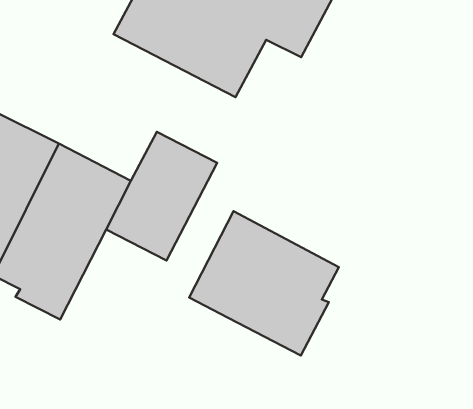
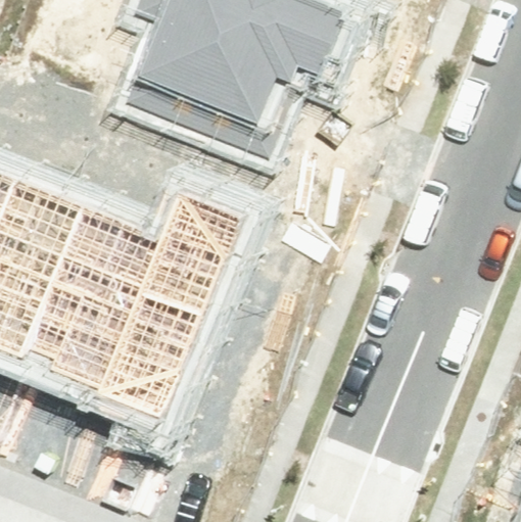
building: [189,211,339,355] -> none
building: none -> [92,292,195,417]

